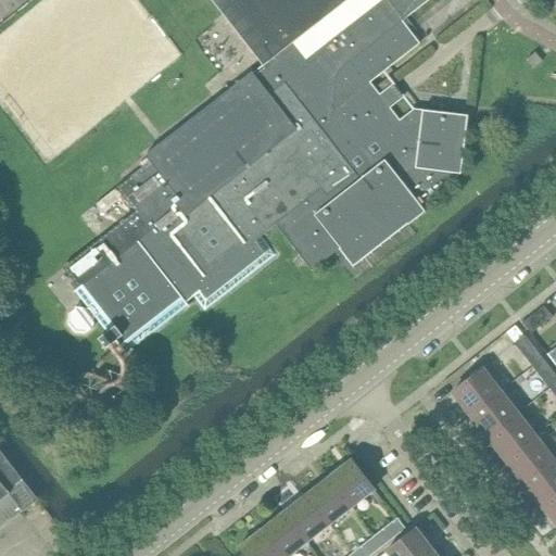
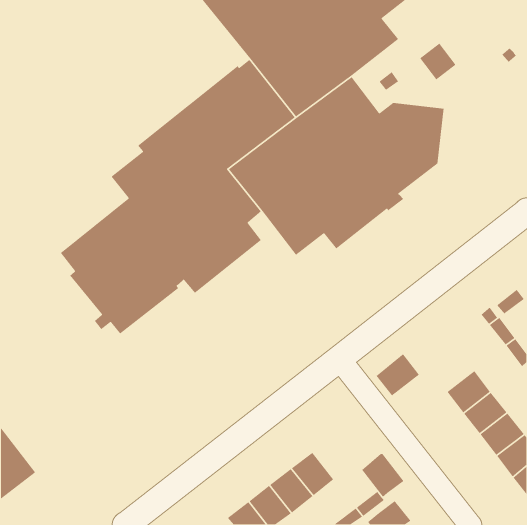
building: none -> [419,42,457,80]
building: [453,367,500,413] -> [375,353,420,396]
building: [329,458,375,505] -> [361,453,404,498]

